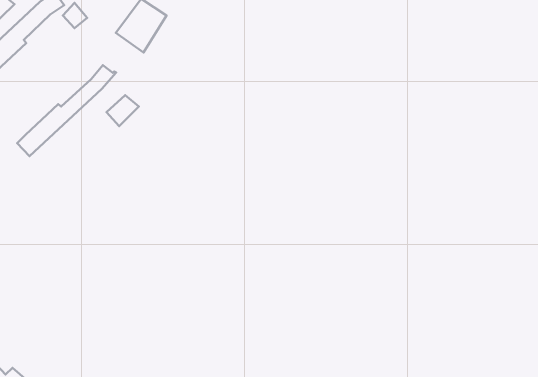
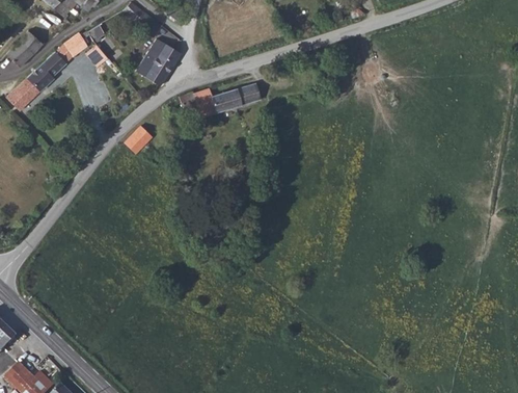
building: none -> [181,81,263,117]
building: [17,65,116,156] -> none

